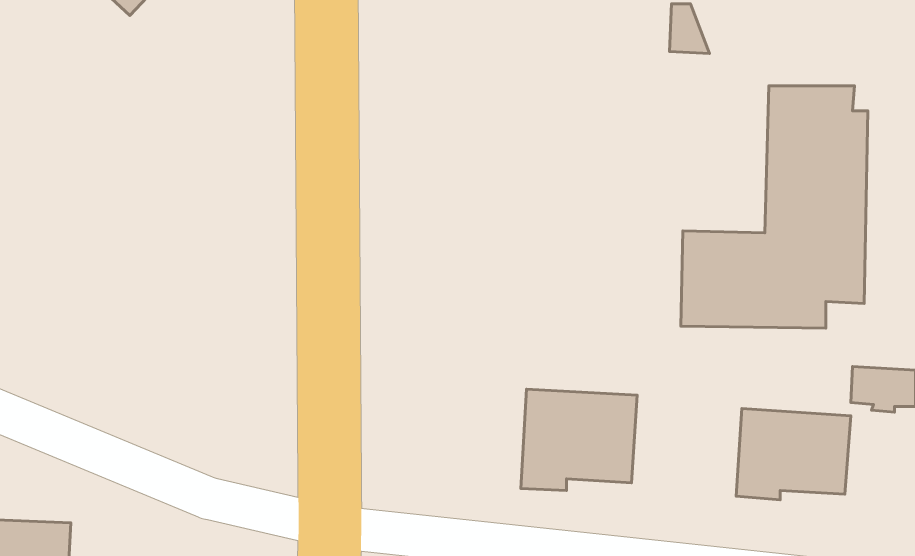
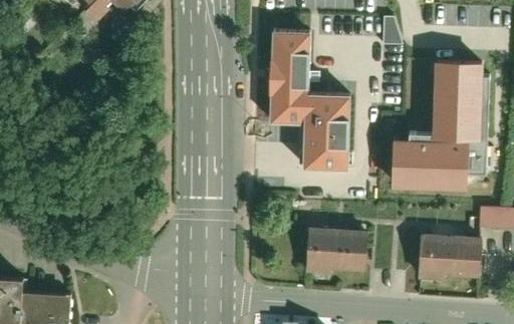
building: none -> [270,30,349,163]

